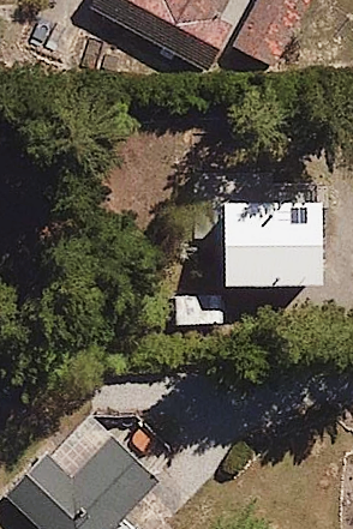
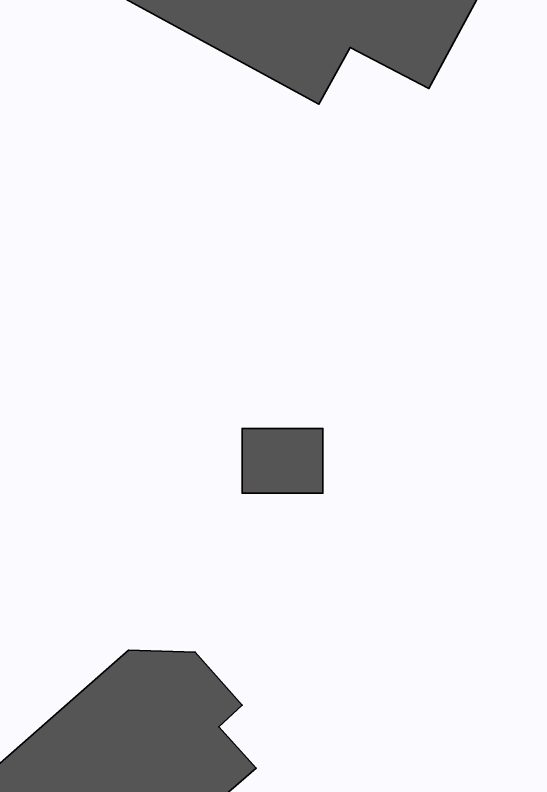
building: [214,200,323,284] -> none

